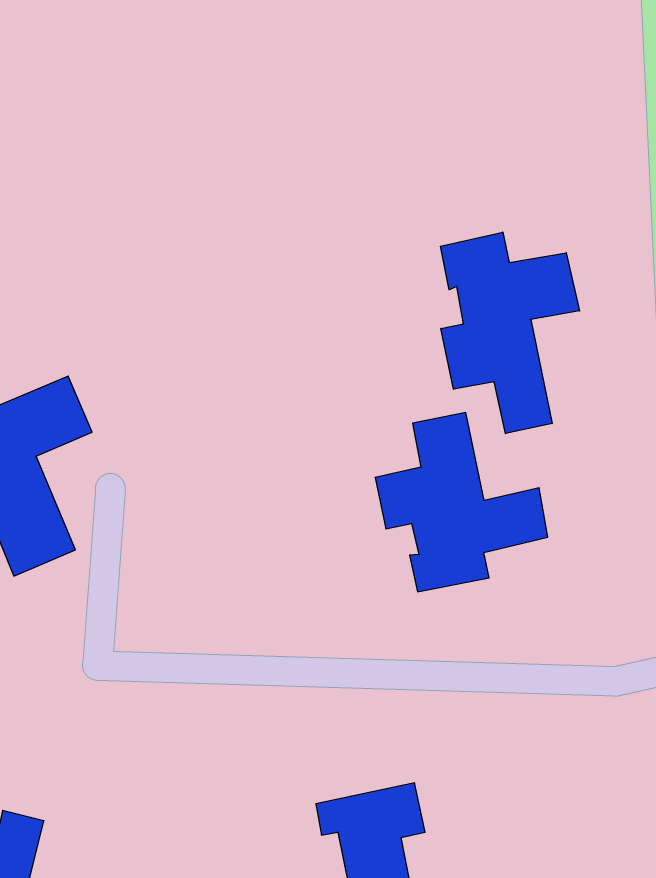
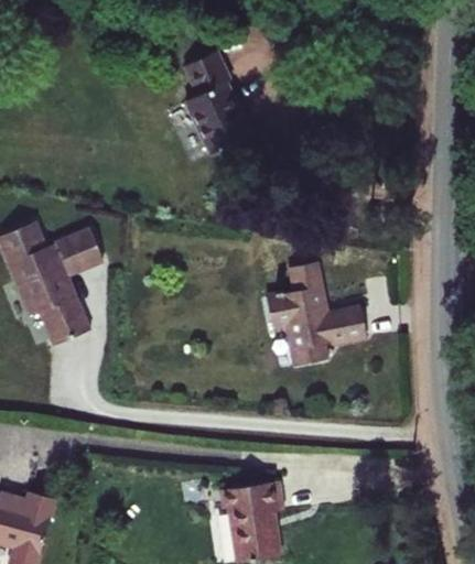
building: none -> [184,44,245,149]
building: [440,232,580,434] -> none

